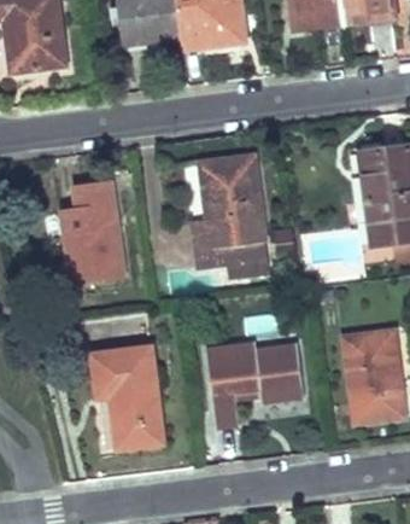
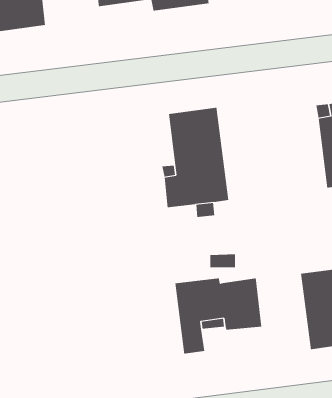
building: [62,186,124,283] -> none
building: [93,349,163,450] -> none

